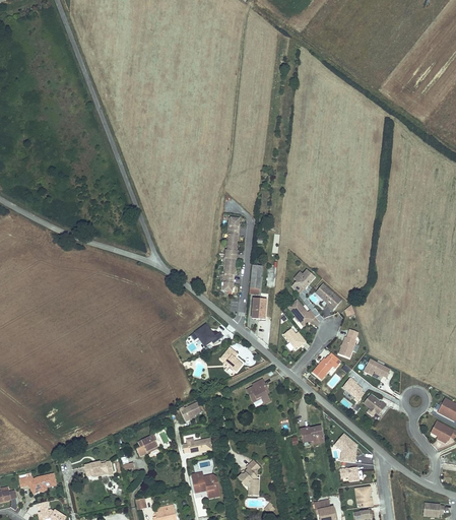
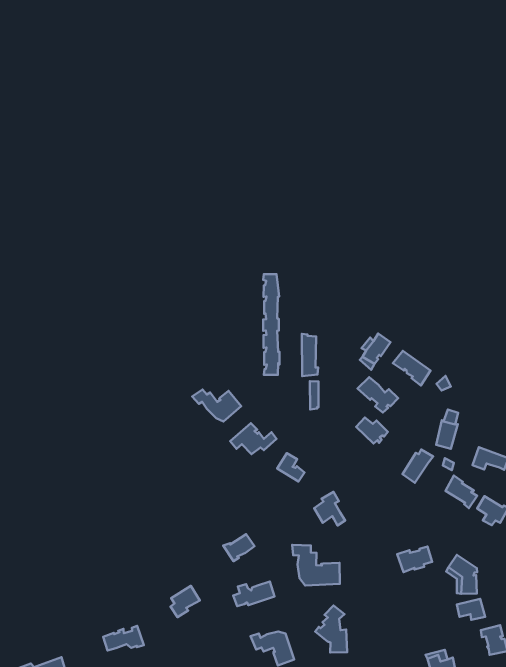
building: none -> [192,389,241,421]
building: none -> [292,545,340,586]

